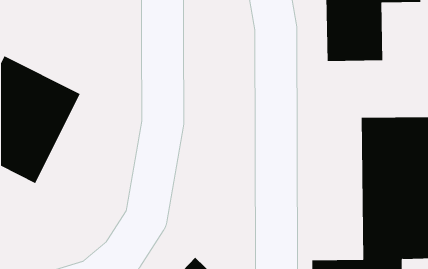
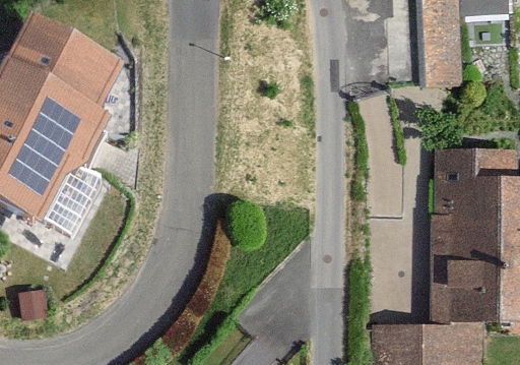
building: none -> [8,24,124,118]

